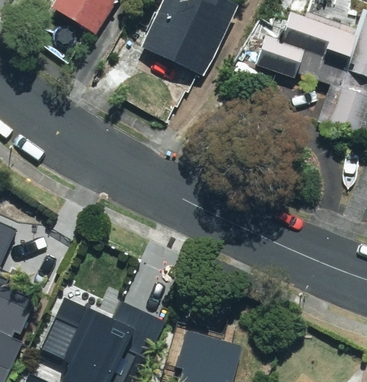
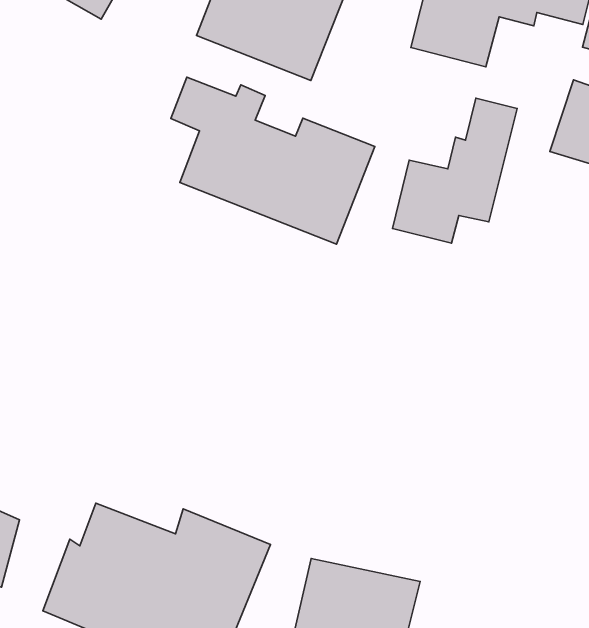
building: none -> [171,77,375,244]
building: none -> [393,98,517,243]

